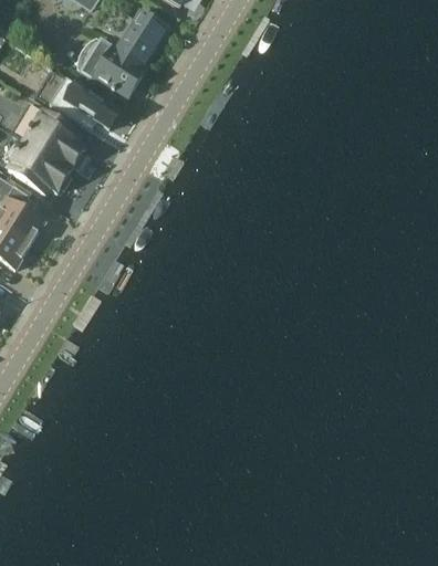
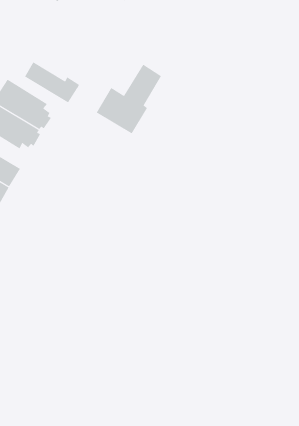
building: [81,10,165,99] -> [96,64,162,134]

